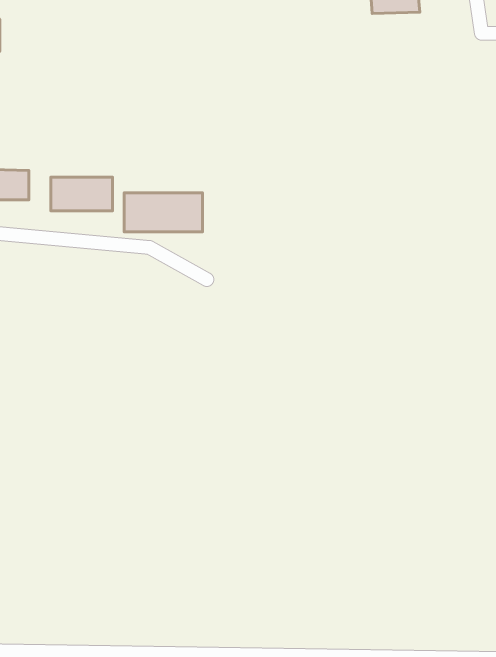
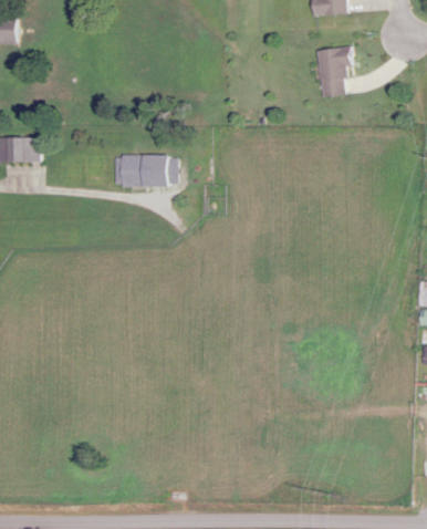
building: none -> [320,49,353,95]
building: [51,177,112,211] -> none

